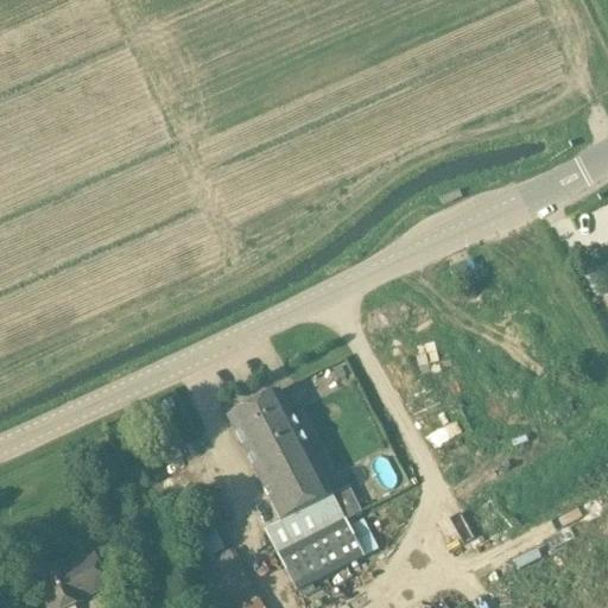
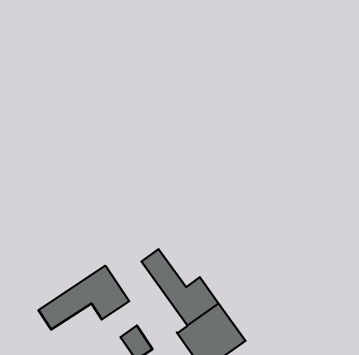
building: [258,388,312,462] -> none
building: none -> [39,266,129,330]

